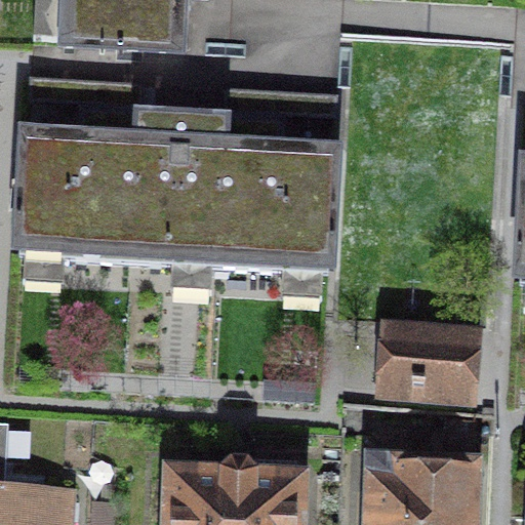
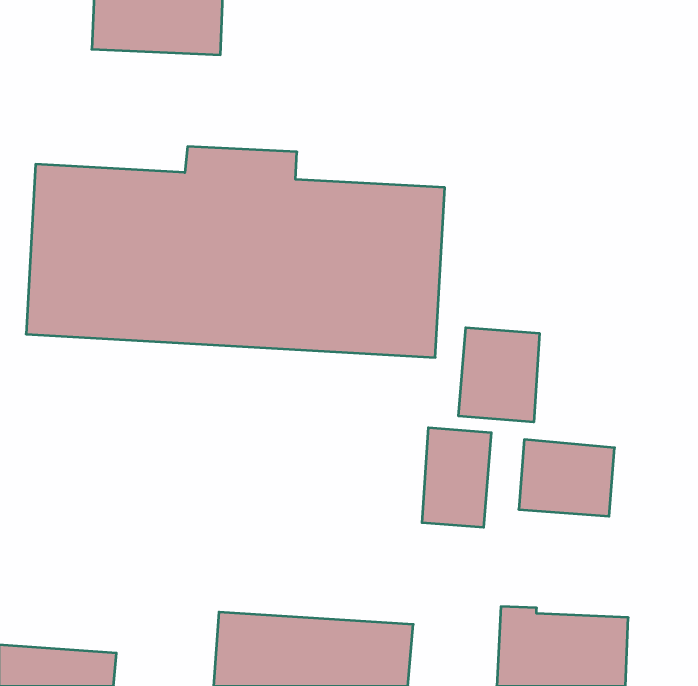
building: none -> [459,328,539,422]
building: none -> [422,428,491,527]

